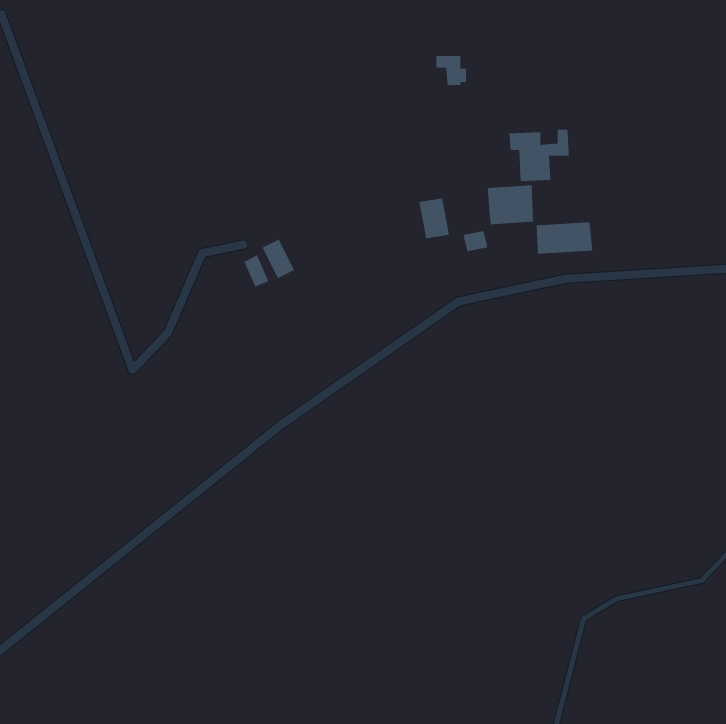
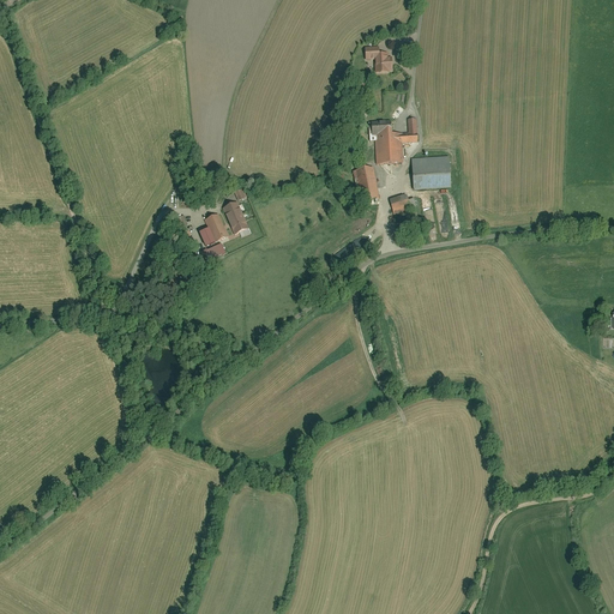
building: [508,129,570,182] -> [367,119,419,163]
building: [536,222,593,255] -> none

